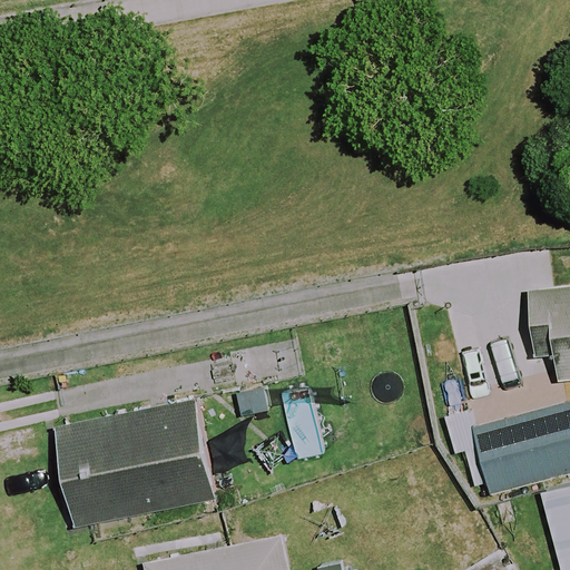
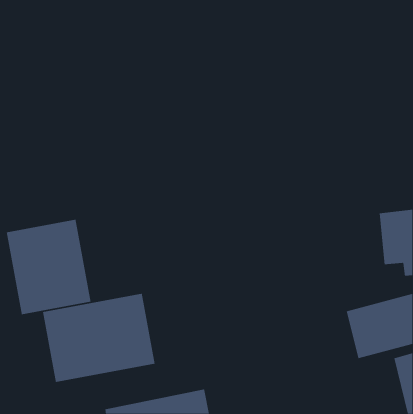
building: none -> [6,219,91,315]

